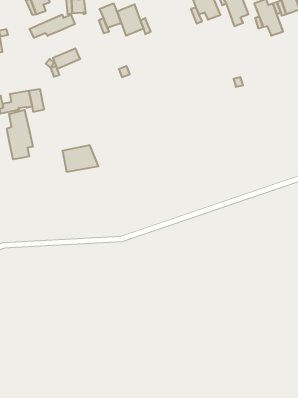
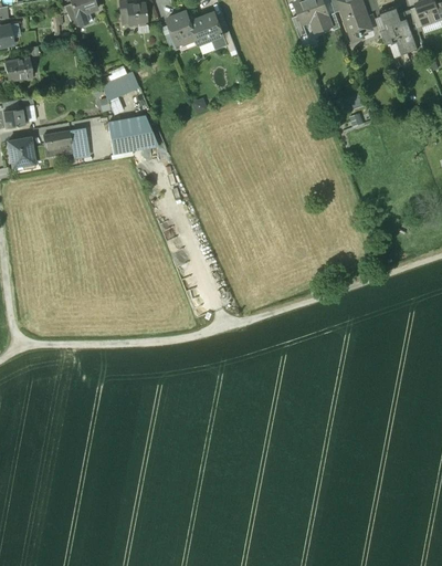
building: [29,15,75,38] -> none
building: [7,110,33,159] -> none
building: [62,145,99,172] -> [107,116,157,153]

